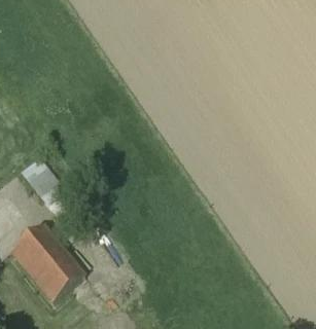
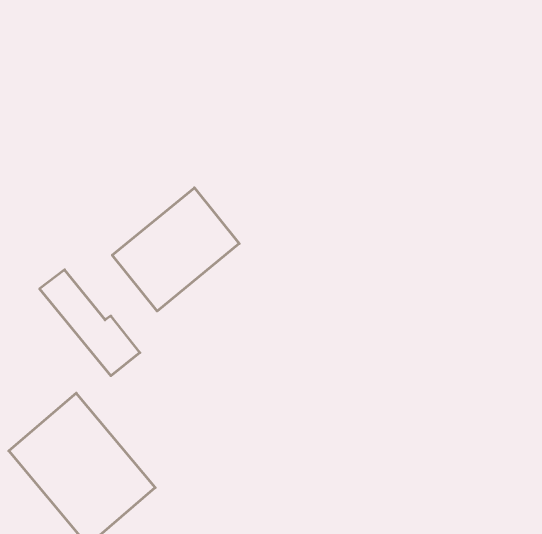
building: none -> [112,188,239,311]

